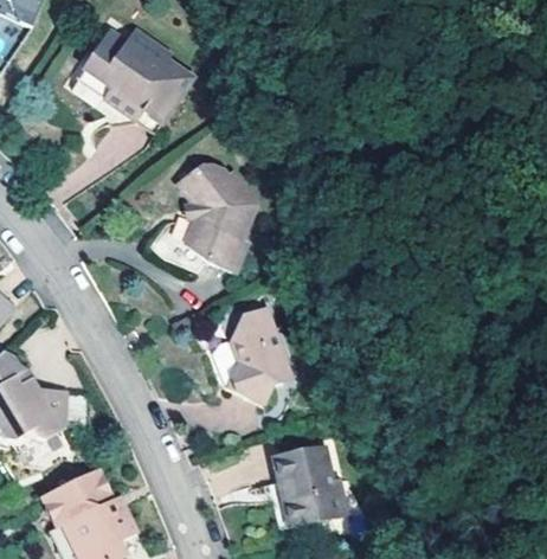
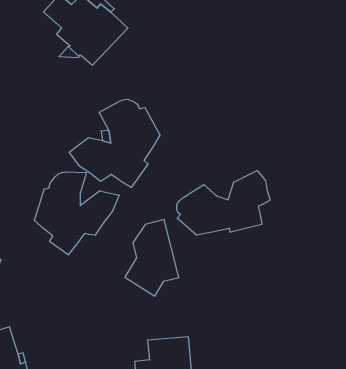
building: none -> [177,171,270,235]
building: none -> [34,172,119,255]

